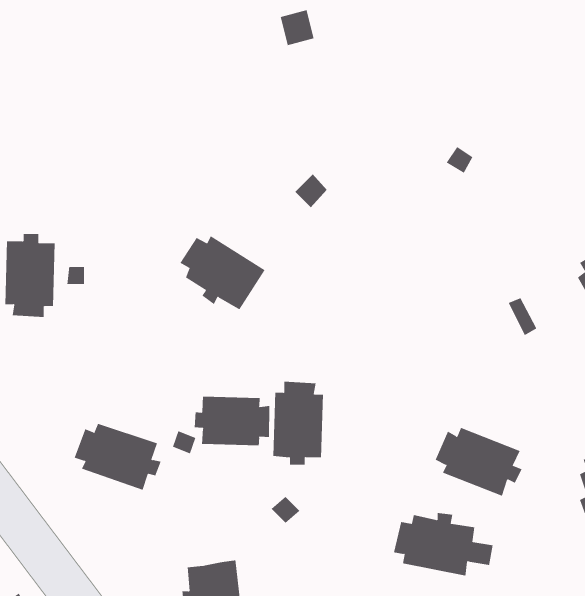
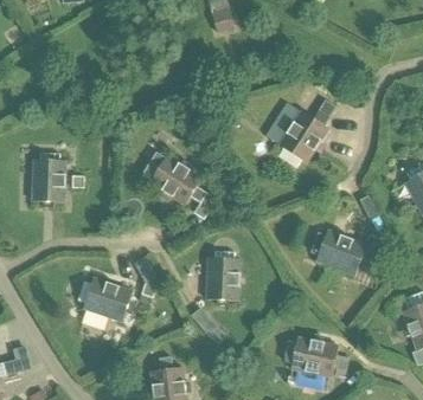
building: none -> [264,102,328,166]
building: [194,396,270,446] -> none
building: [435,427,522,496] -> [310,230,367,275]

